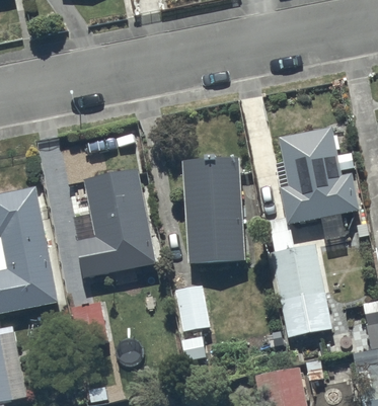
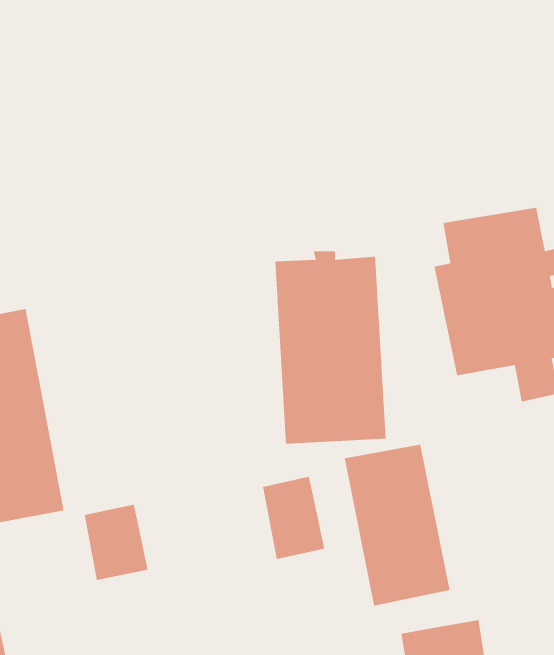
building: [71,167,159,278] -> none
building: [271,242,332,336] -> [344,444,450,606]

